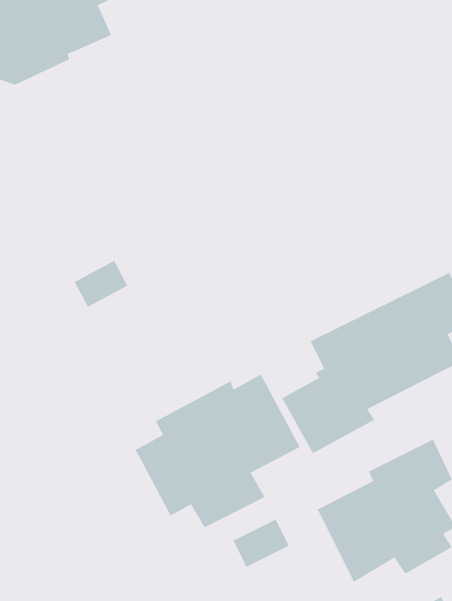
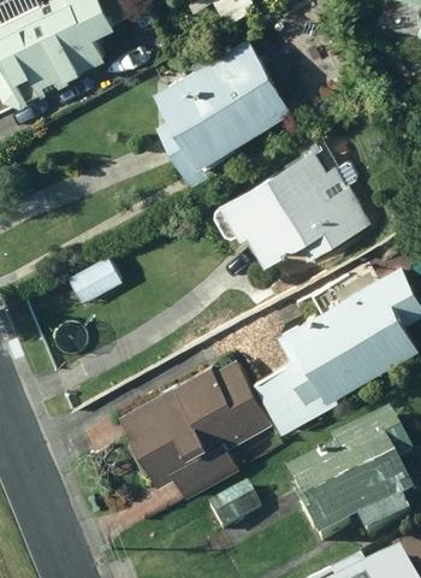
building: none -> [154,41,284,179]
building: none -> [224,153,369,259]

